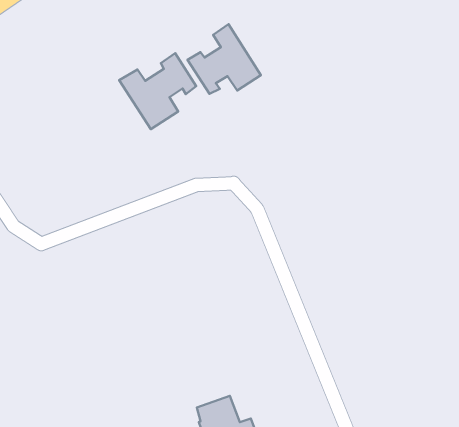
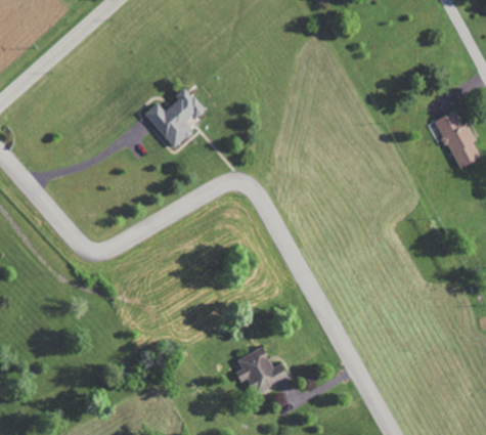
building: [187,24,261,94] -> none

